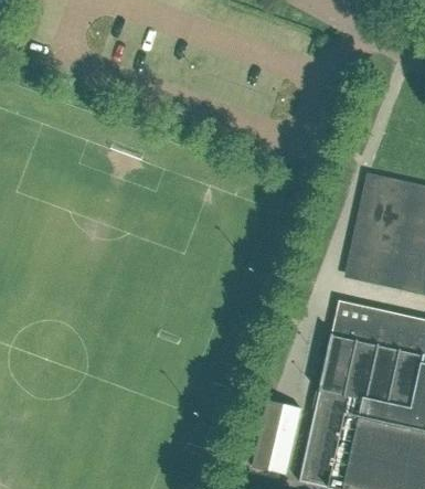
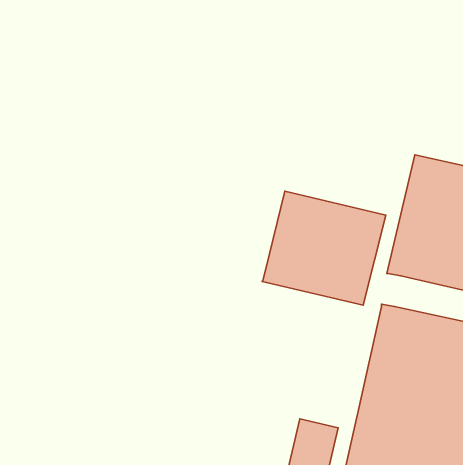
building: none -> [262,191,386,305]

